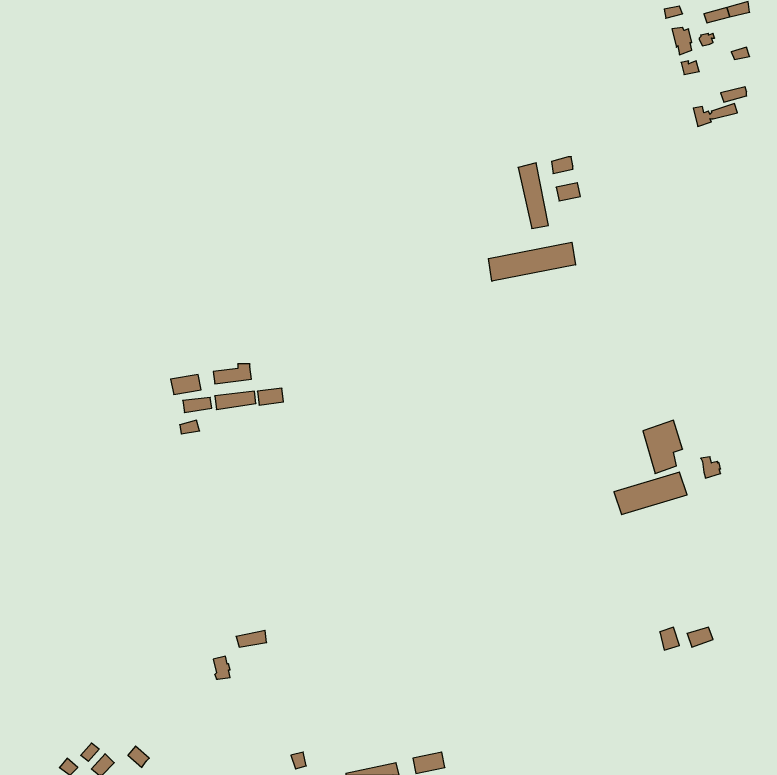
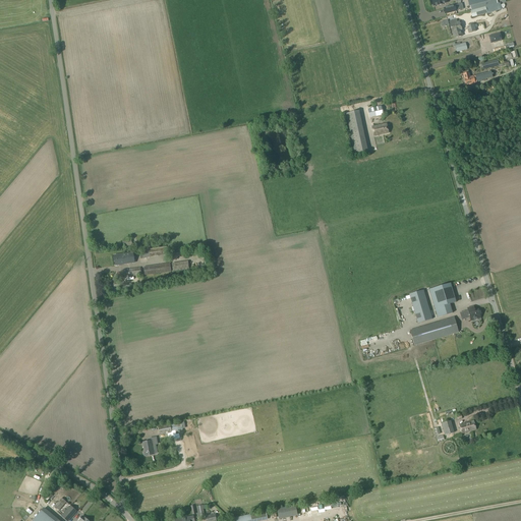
building: [488,242,576,281] -> none
building: none -> [410,289,433,322]

